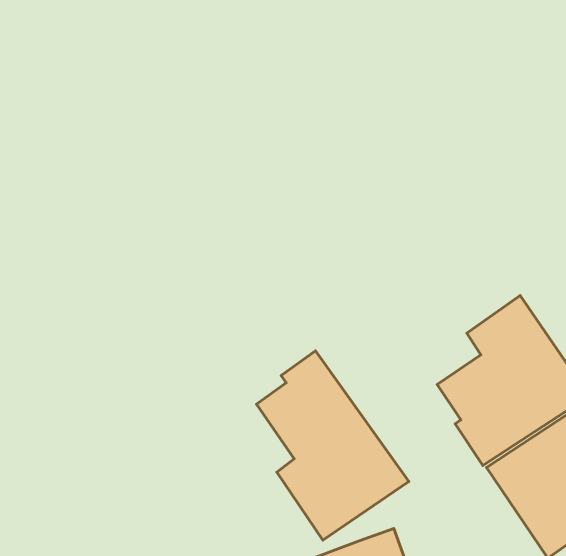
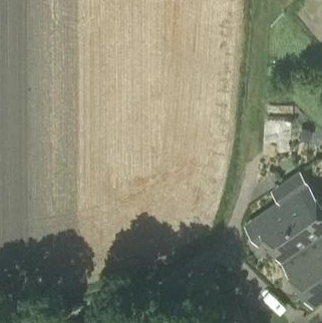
building: [257,351,409,540] -> none

